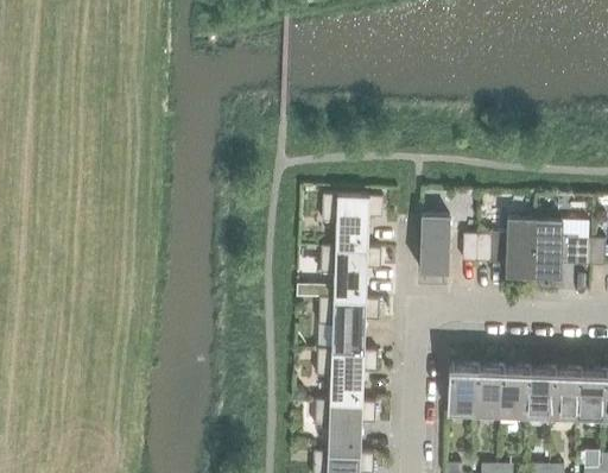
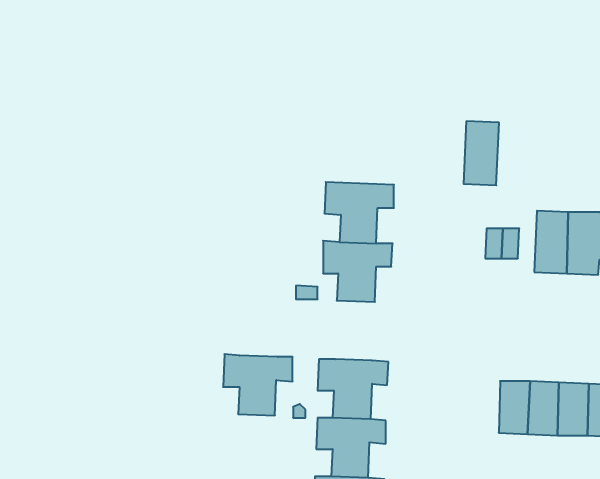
building: [419,217,450,273] -> [464,121,499,185]
building: [318,298,379,352] -> [223,354,293,415]
building: [448,368,475,415] -> none

